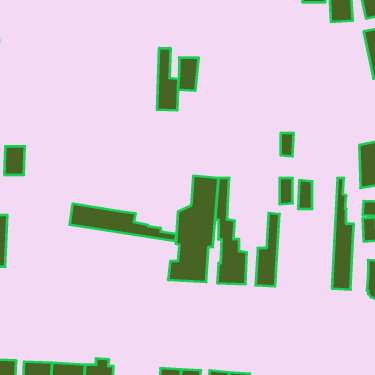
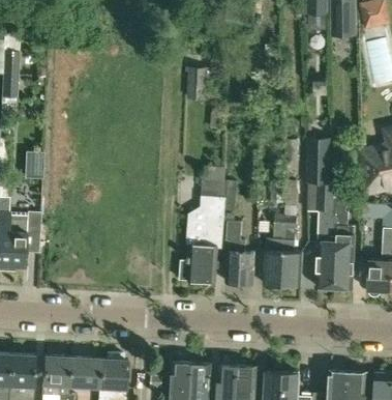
building: [157,48,178,110] -> none
building: none -> [310,140,340,286]
building: [70,204,176,241] -> none
building: none -> [281,216,302,285]

